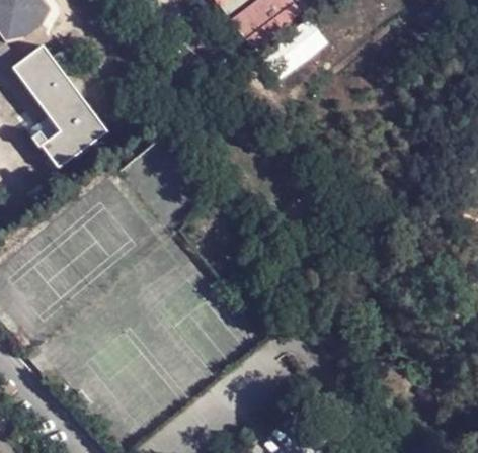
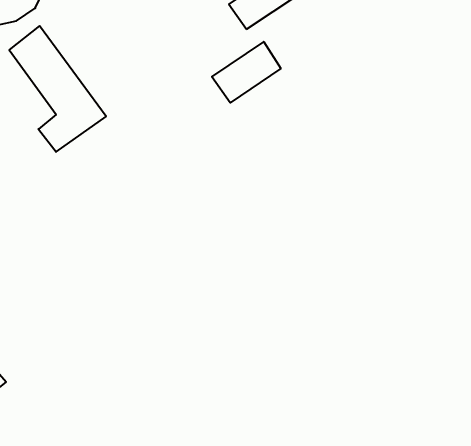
building: none -> [212,42,281,103]

